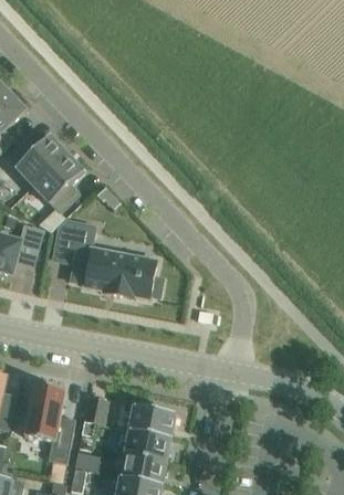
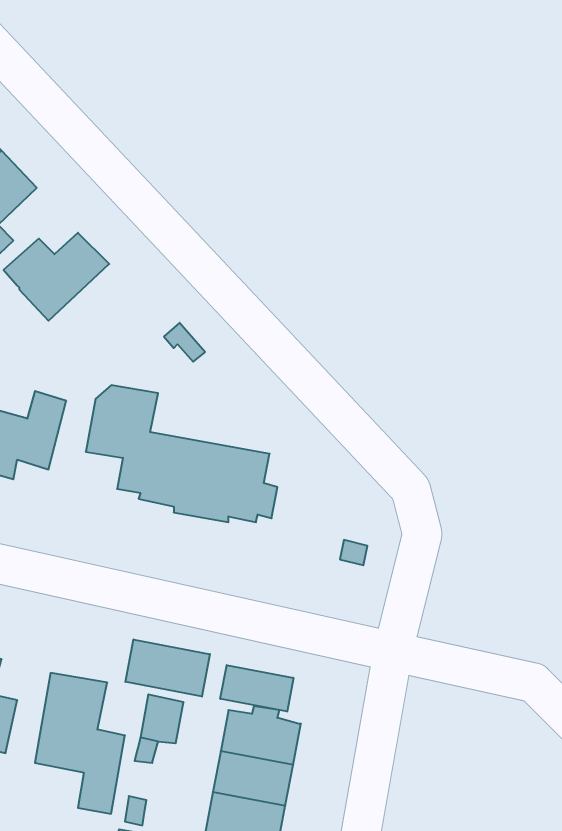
building: [32,152,83,212] -> none
building: none -> [125,639,210,697]
building: none -> [220,665,293,712]

